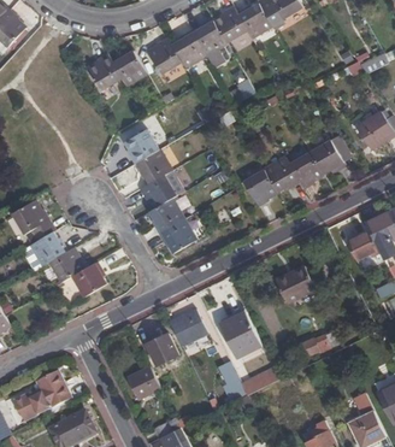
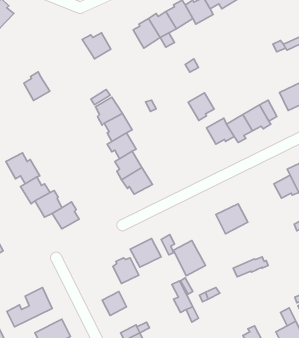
building: [147,39,181,75] -> none
building: [87,53,119,89] -> [24,72,50,101]
building: [243,171,276,206] -> [188,93,214,121]

